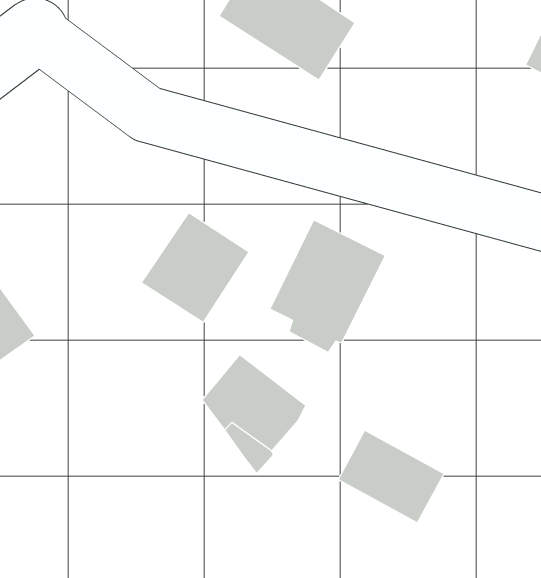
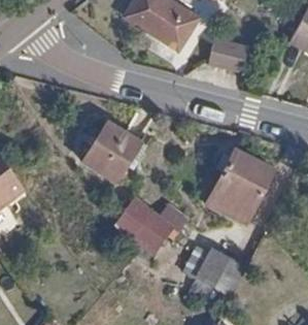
building: none -> [208,36,247,71]
building: [270,220,385,352] -> [210,151,273,223]

